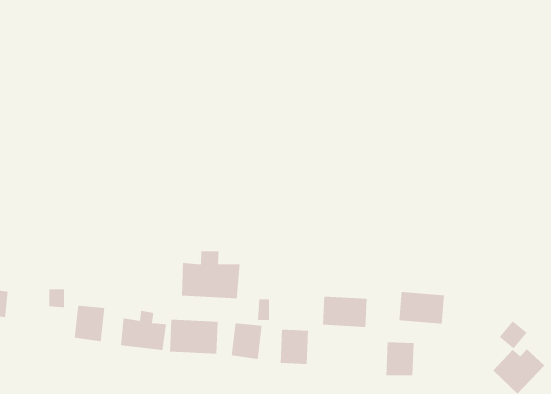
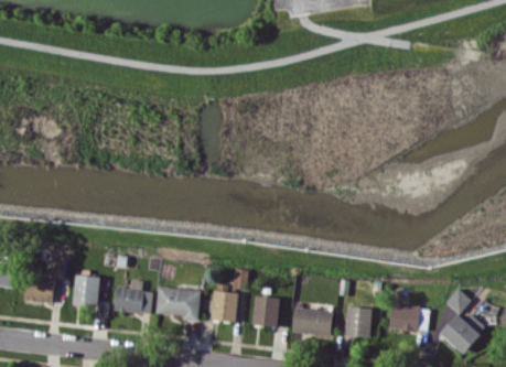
building: [181,251,240,299] -> none
building: [398,292,445,324] -> [388,304,429,333]
building: [322,296,367,327] -> [292,309,332,336]
building: none -> [24,278,54,302]

